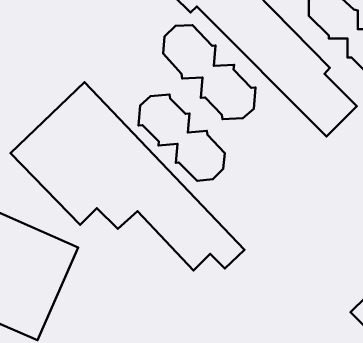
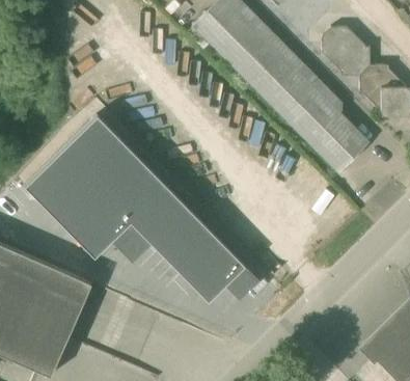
building: [163,25,256,119] -> none
building: [138,94,225,181] -> none

